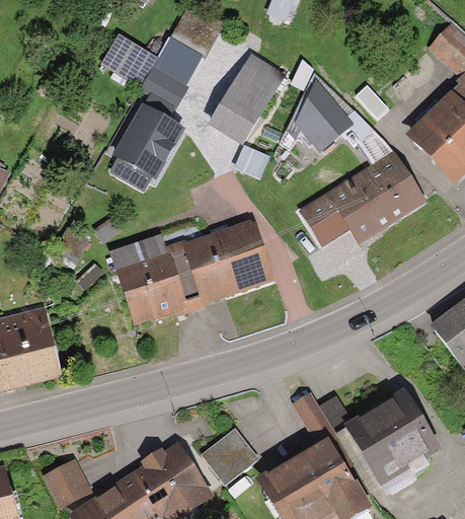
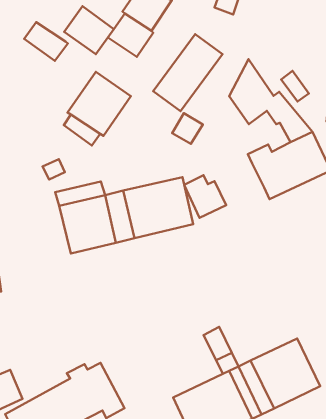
building: [140,68,190,110] -> [24,22,68,61]
building: [297,192,347,241] -> [184,175,226,218]
building: [198,426,252,480] -> none

